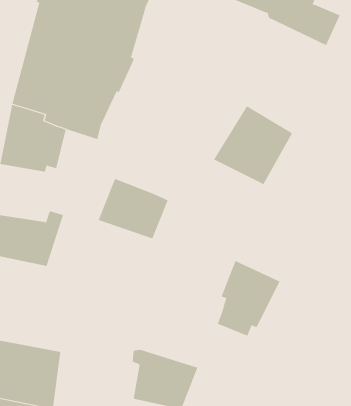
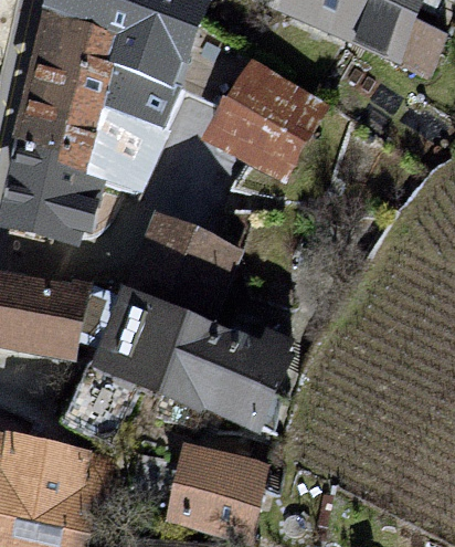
building: [213,105,293,185] -> [211,67,311,168]
building: none -> [62,295,290,442]
building: [217,260,280,336] -> none

